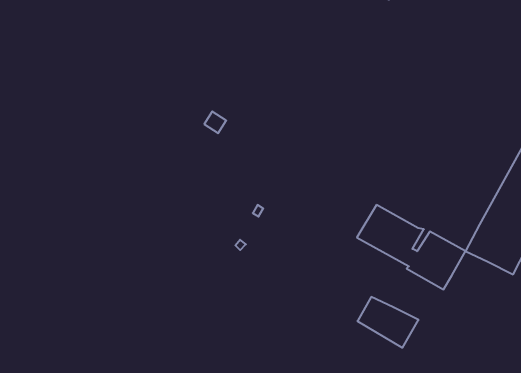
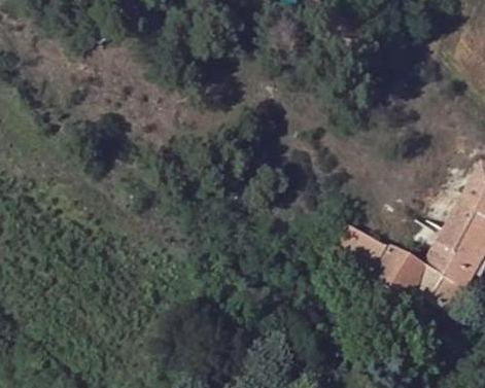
building: [357,297,419,348] -> [414,263,469,309]

